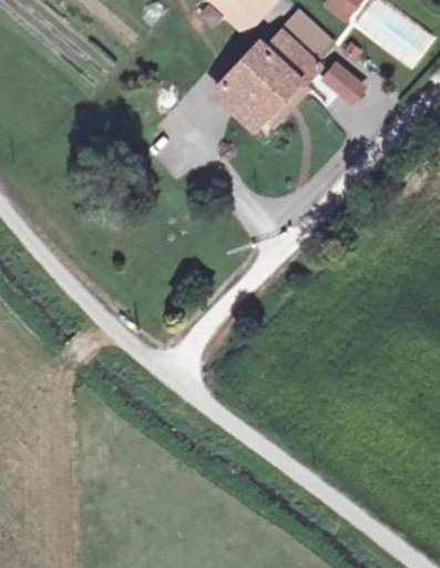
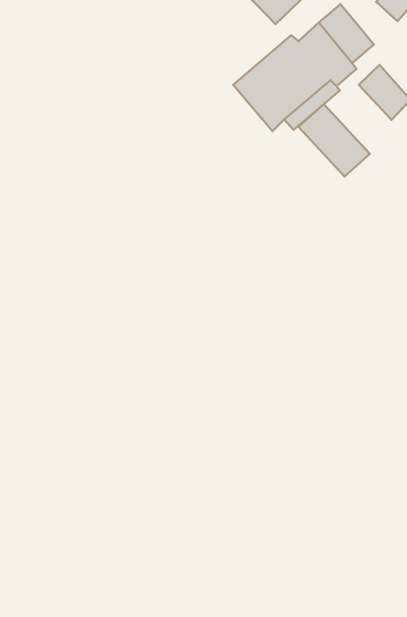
building: none -> [298,104,370,177]

